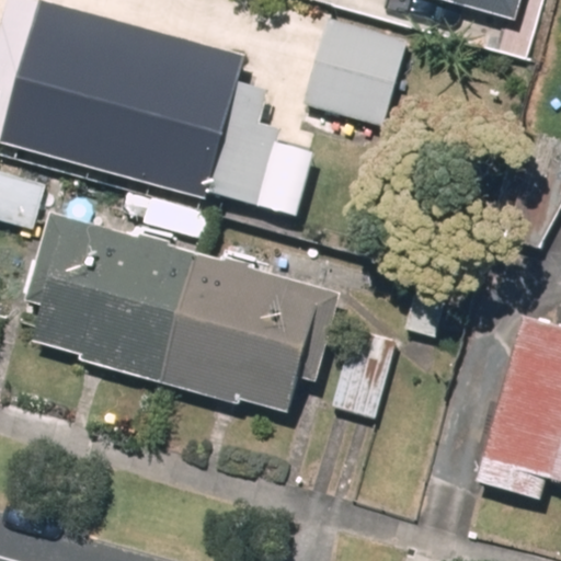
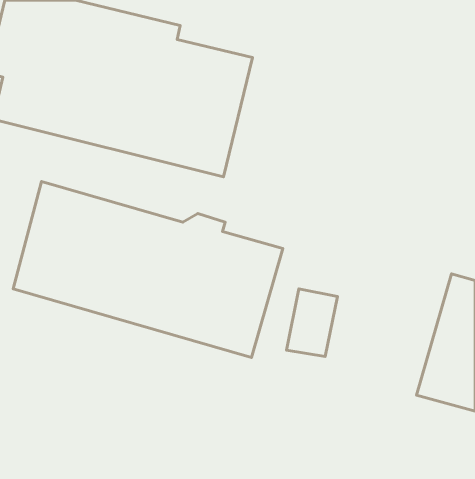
building: [308,24,407,130] -> none

